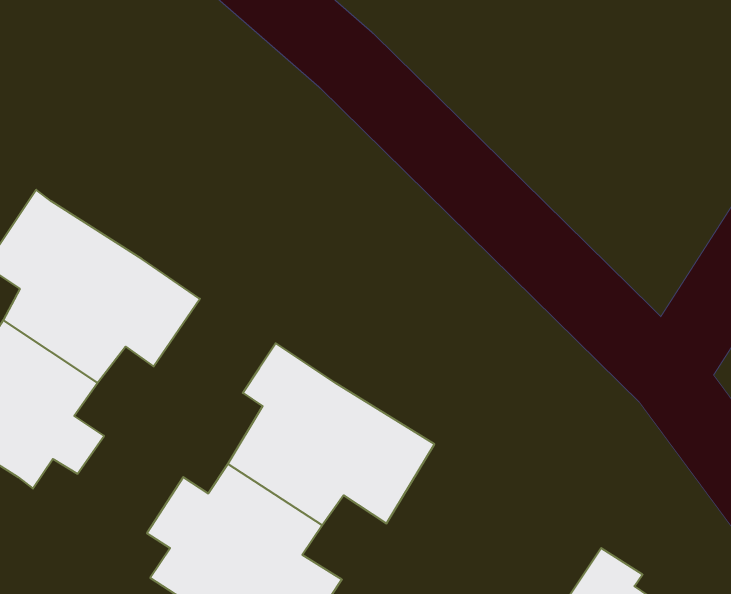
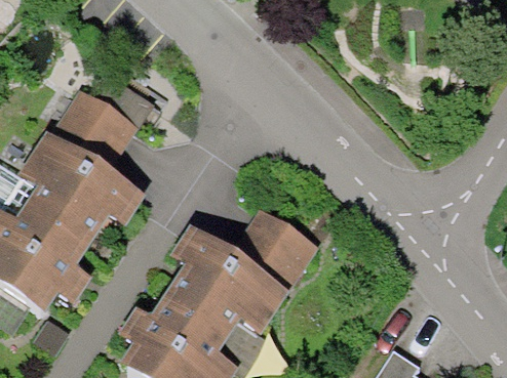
building: none -> [54,91,138,169]
building: none -> [231,205,319,284]

